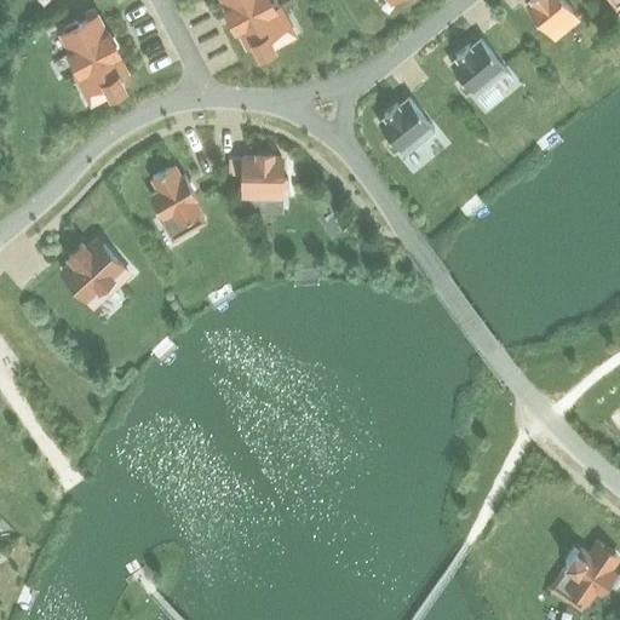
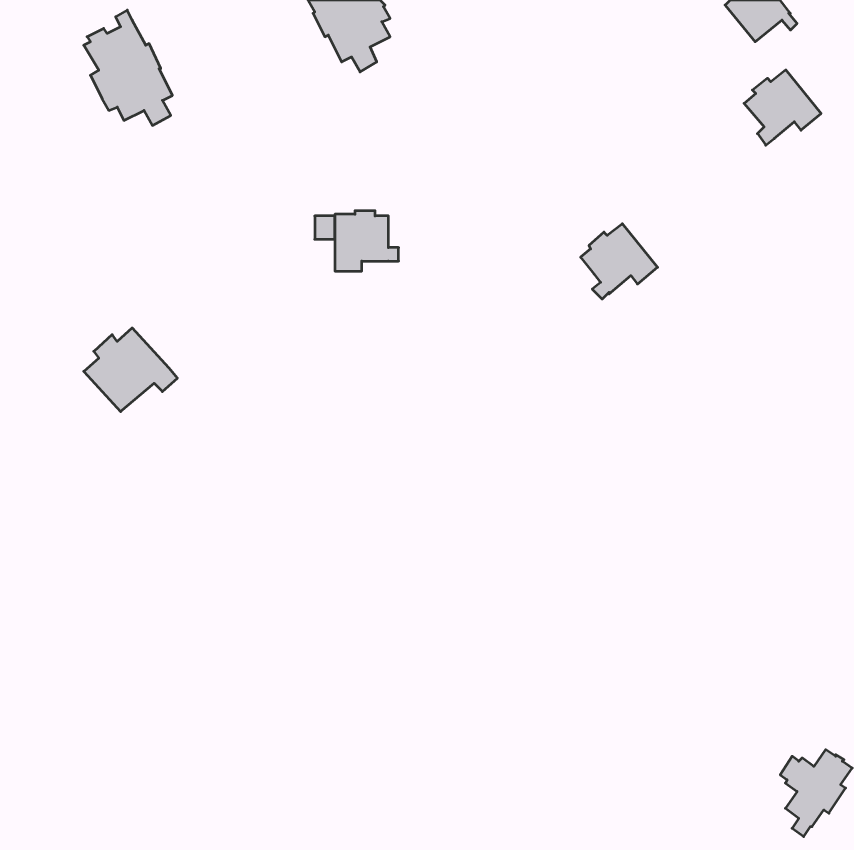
building: [450,42,506,97] -> [744,70,821,145]
building: [379,101,435,155] -> [581,224,658,299]
building: [150,167,203,228] -> none

